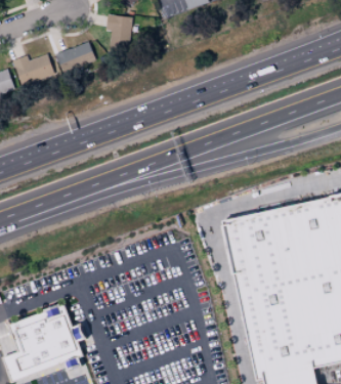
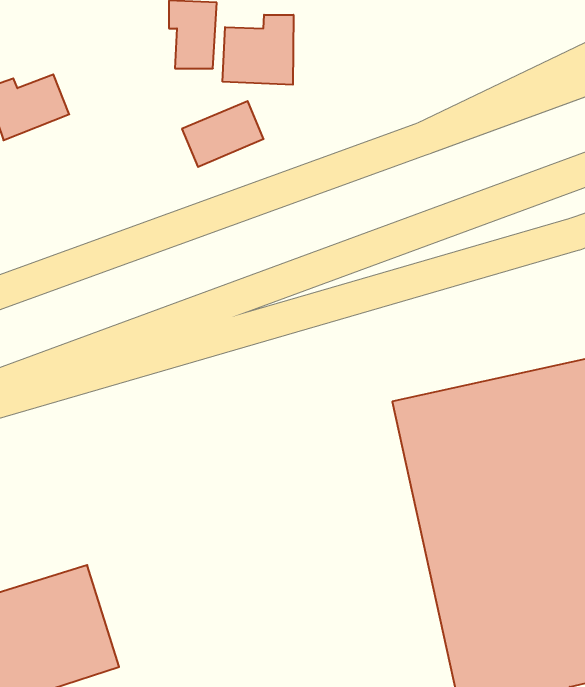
building: none -> [223,15,293,85]
building: [55,40,97,74] -> [182,101,264,167]

